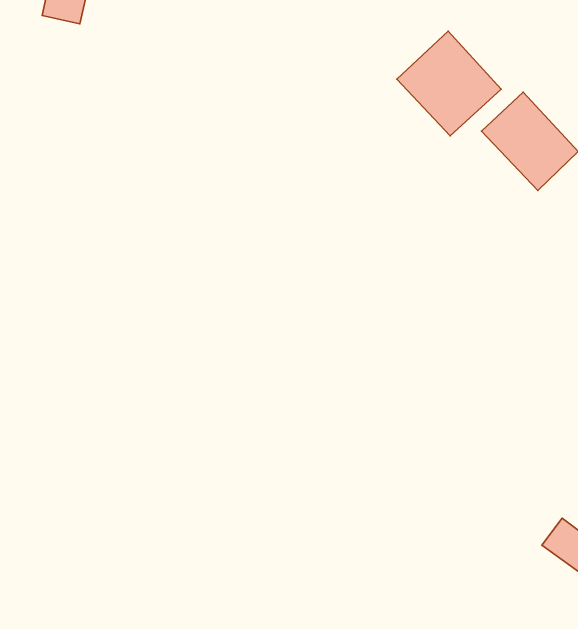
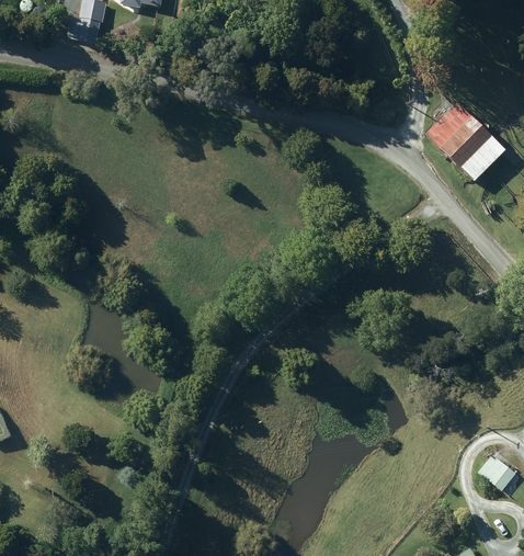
building: [397,31,501,136] -> none

